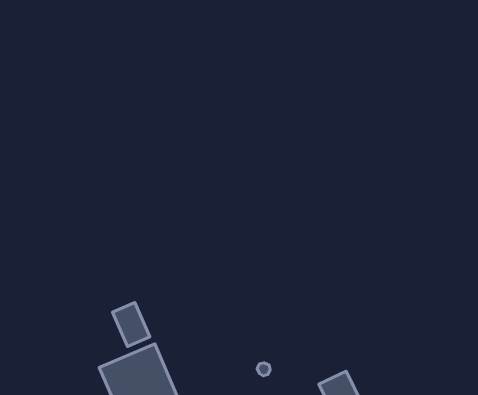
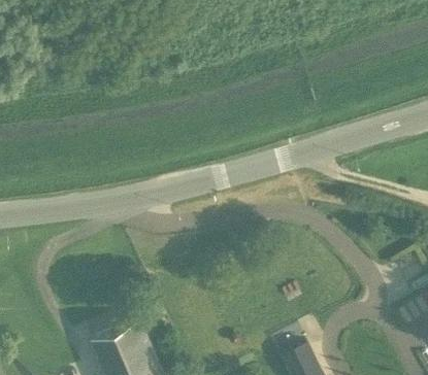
building: [112,302,150,347] -> none

